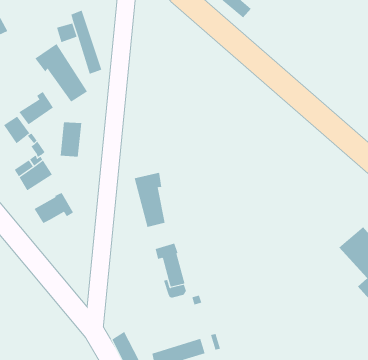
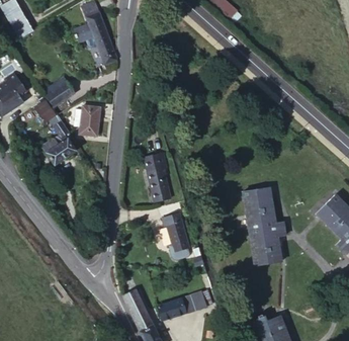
building: [34,43,88,103] -> none
building: [34,192,74,224] -> none
building: none -> [245,187,286,265]

